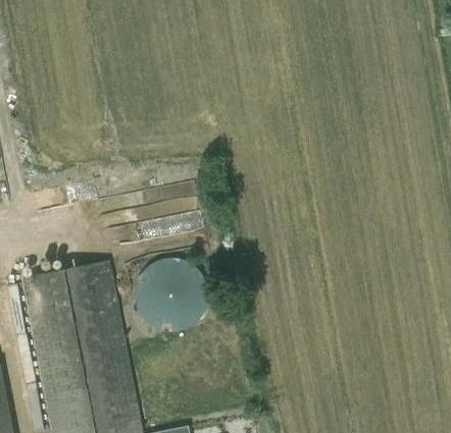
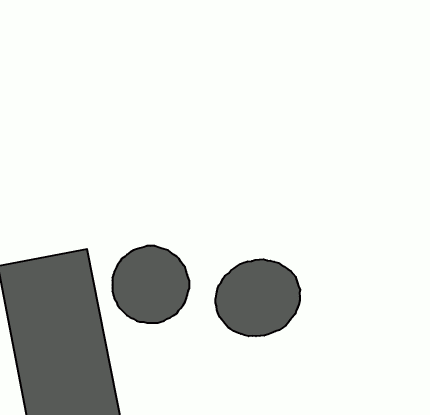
building: none -> [215,259,300,336]

